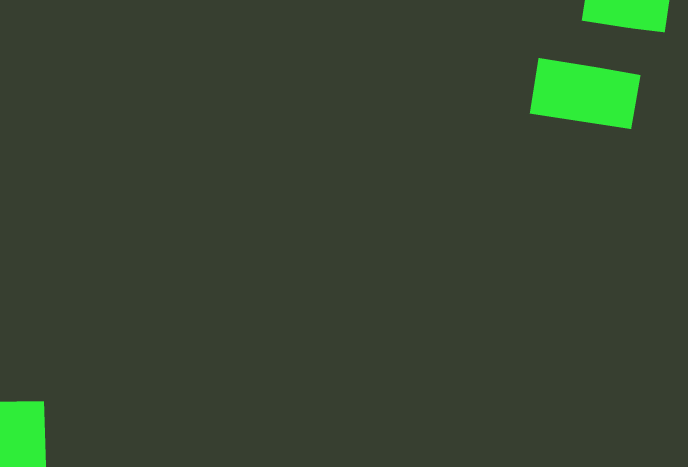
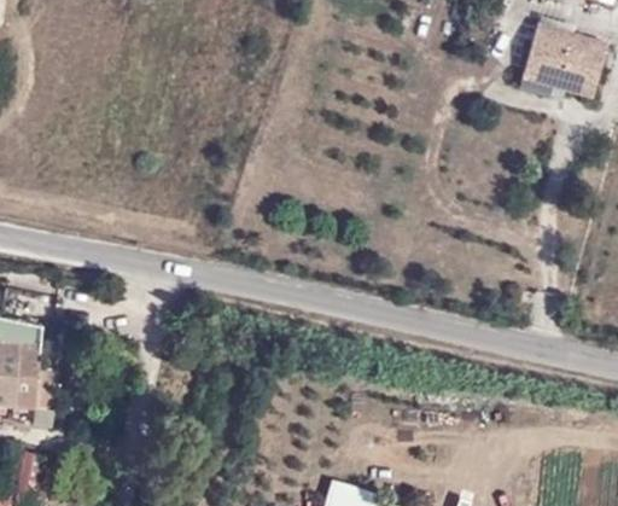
building: [529,57,641,130] -> none

